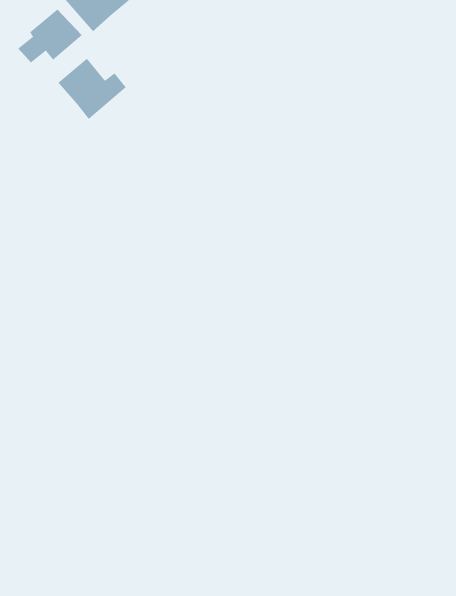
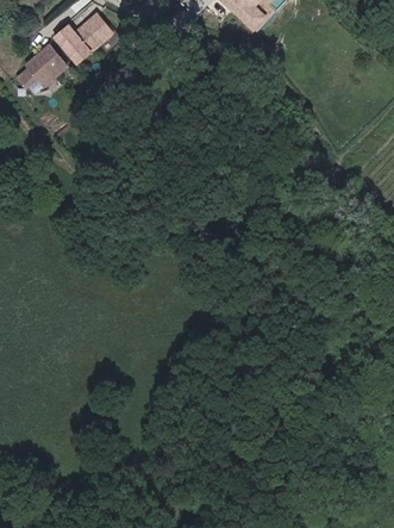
building: [57,58,126,120] -> none

